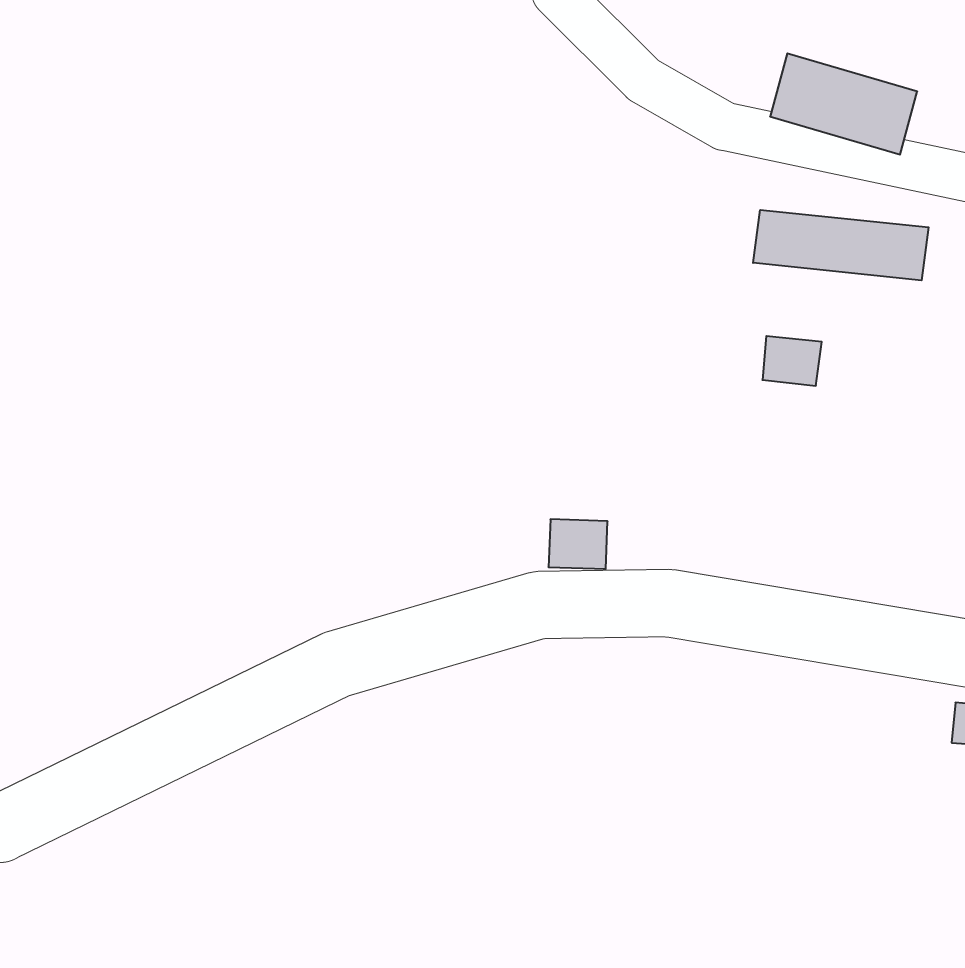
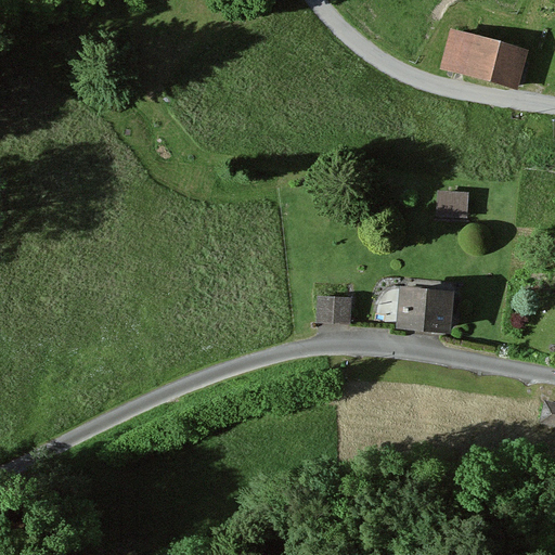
building: [753,210,929,280] -> none
building: none -> [392,286,448,331]

